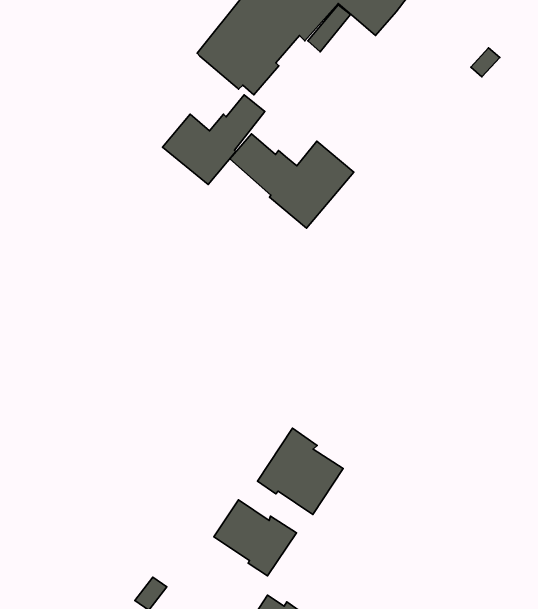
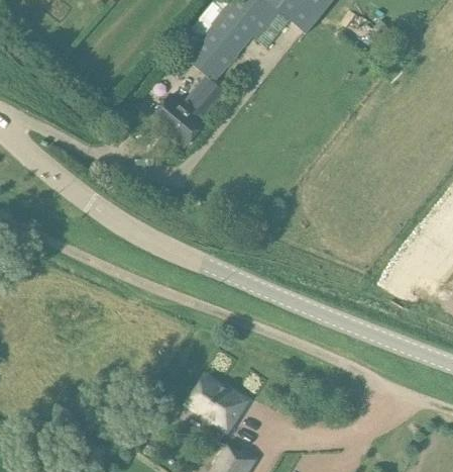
building: [230,134,354,228] -> none
building: [258,428,343,515] -> none

